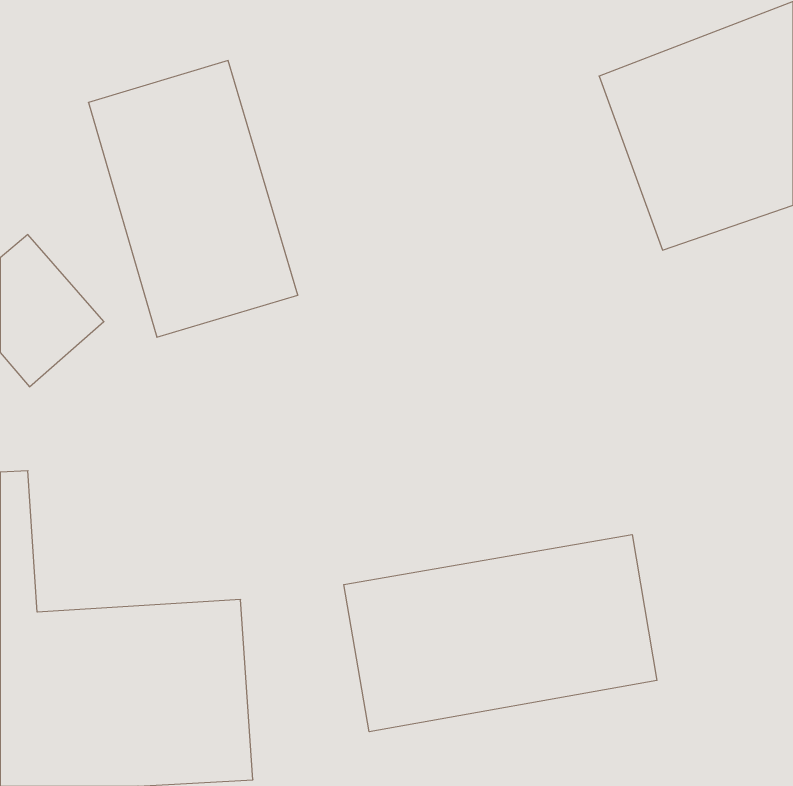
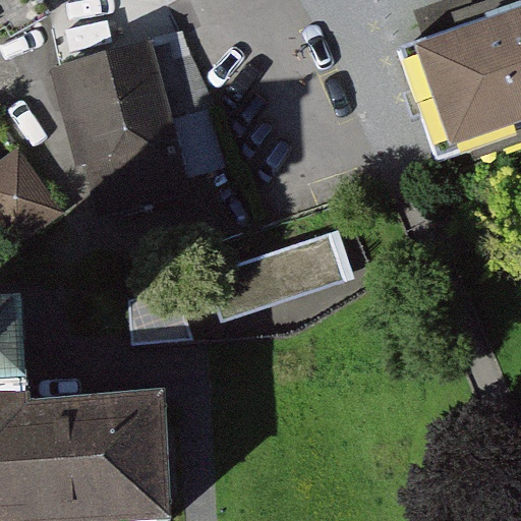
building: none -> [215,234,358,309]
building: [344,535,657,732] -> none

